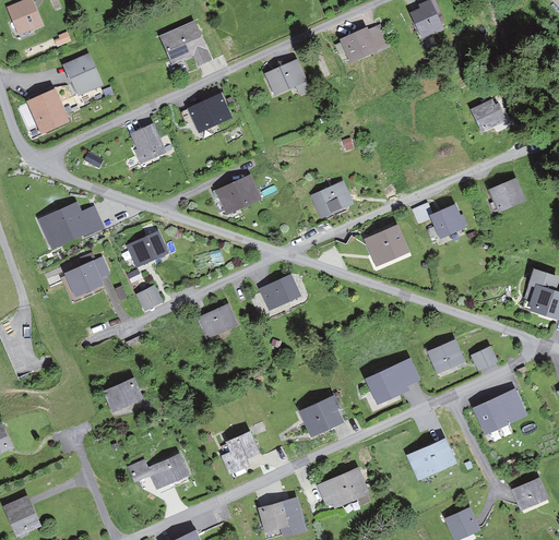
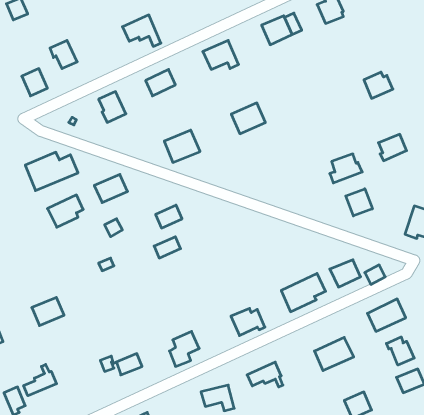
building: [309,180,353,219] -> [231,103,265,134]
building: [362,224,408,267] -> none
building: none -> [346,189,372,216]
building: [263,280,297,310] -> [156,205,182,228]
building: [102,377,143,413] -> [32,297,64,326]
building: none -> [386,337,414,365]
building: none -> [24,364,57,396]

